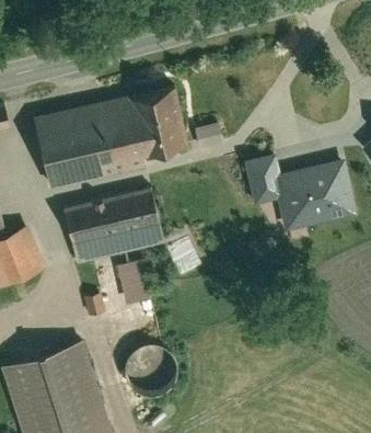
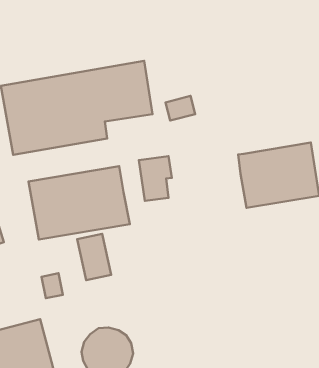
building: [241,151,274,196] -> [139,156,172,201]

